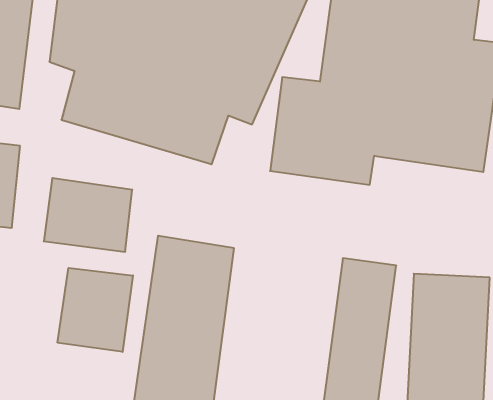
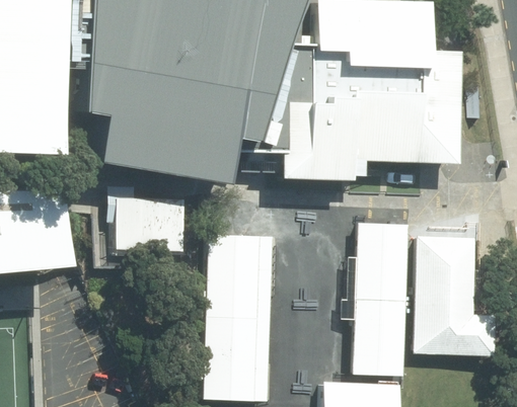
building: [58,268,133,352] -> none

